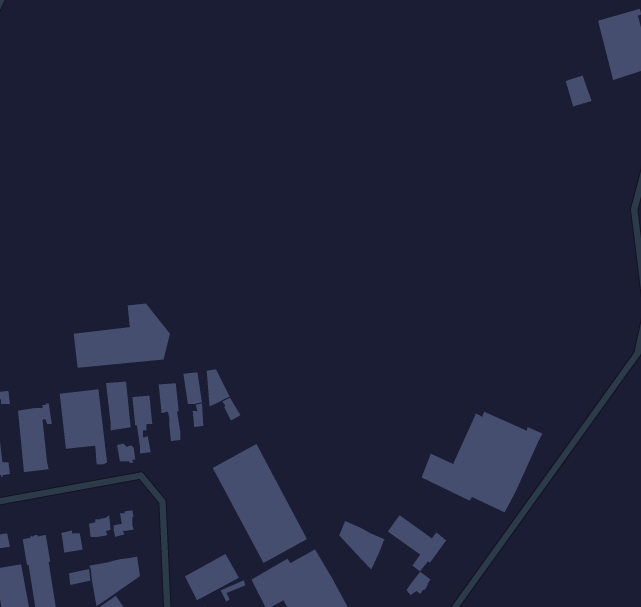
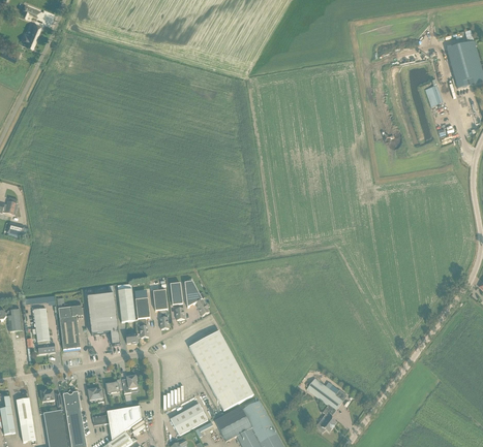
building: [73,303,170,368] -> none
building: [421,411,543,513] -> none
building: [338,520,386,570] -> none

